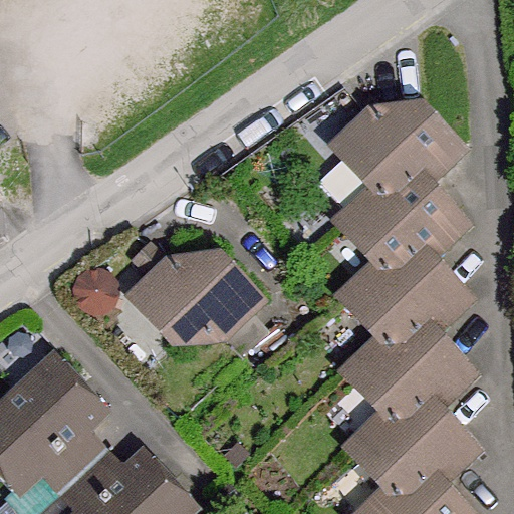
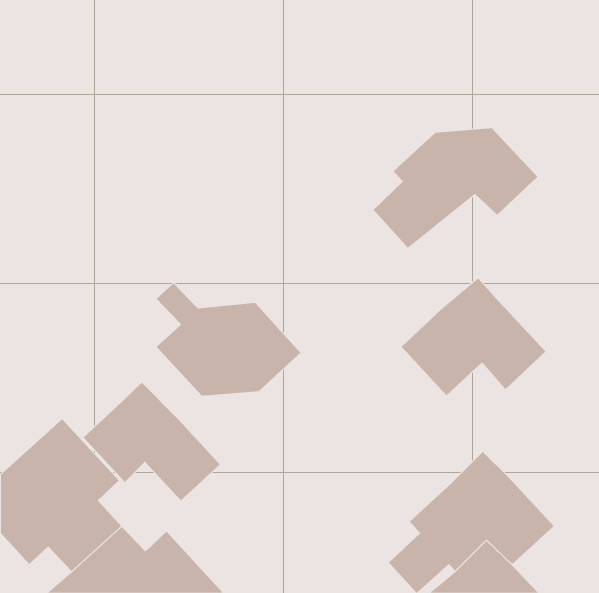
building: [339,167,464,264] -> none
building: [346,311,471,414] -> none
building: none -> [83,382,221,501]

